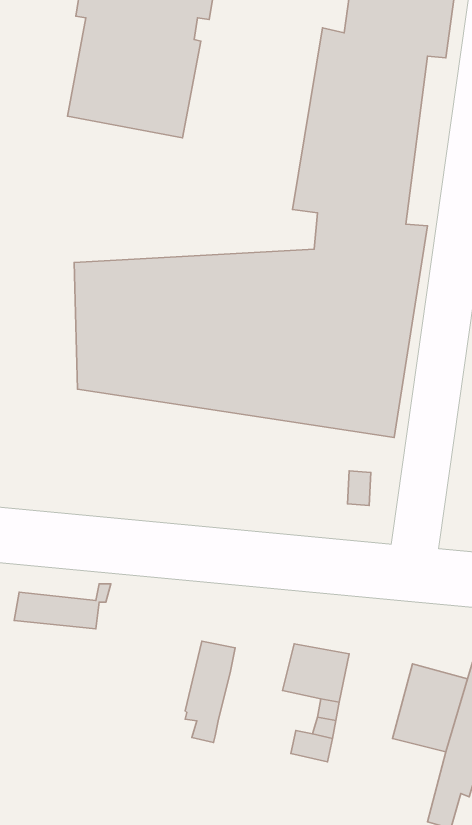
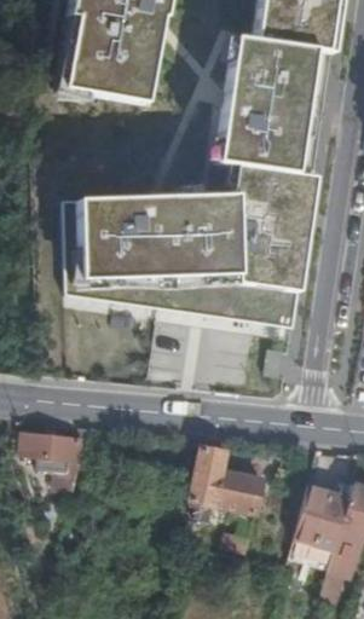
building: [185,641,235,743] -> [191,450,227,523]

